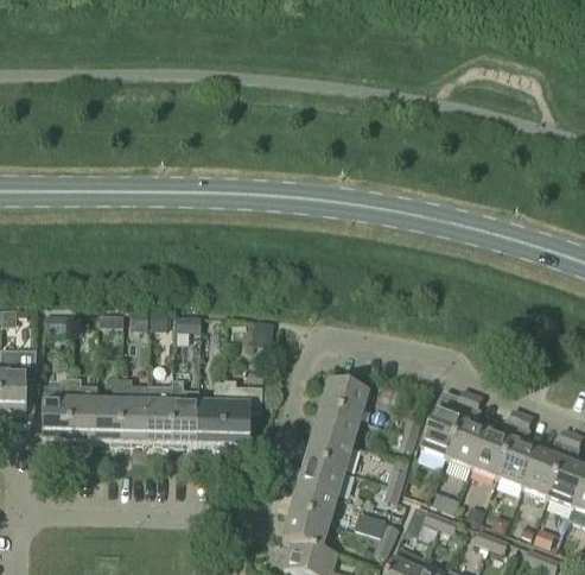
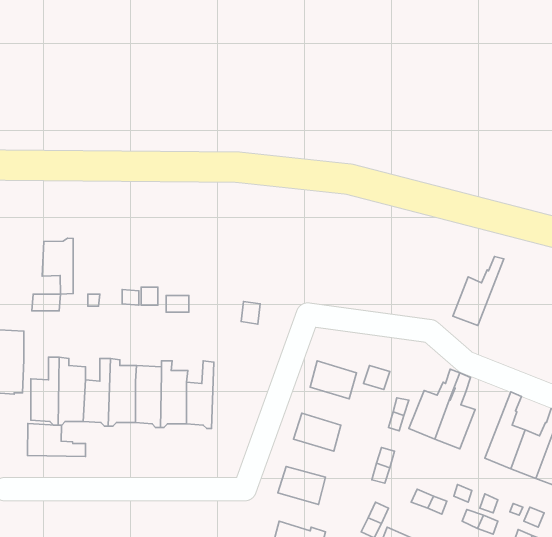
building: none -> [42,238,73,294]
building: [222,383,260,449] -> none
building: [312,407,360,446] -> none
building: [470,410,521,479] -> [453,257,504,326]
building: none -> [28,424,86,457]
building: [297,460,344,498] -> none
building: [281,513,329,551] -> none

